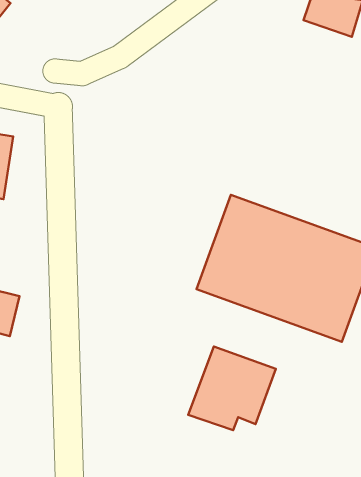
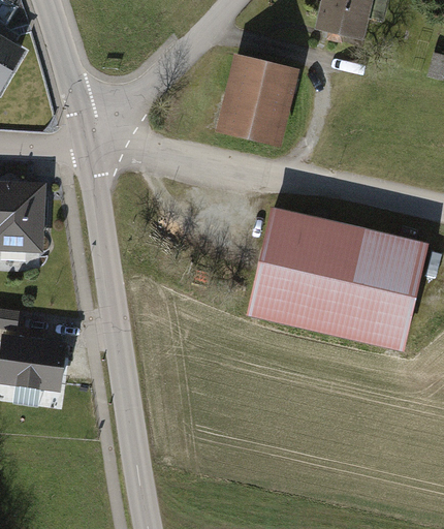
building: none -> [223,55,297,146]
building: [188,346,276,430] -> none

